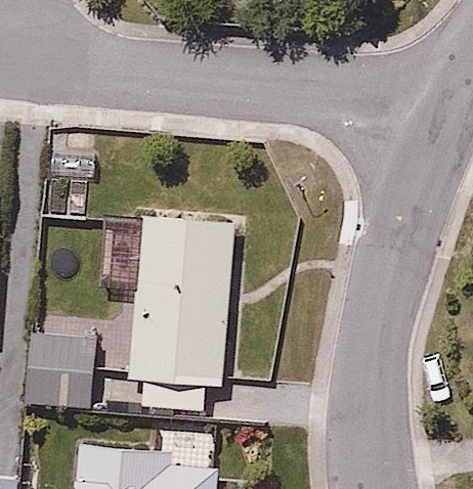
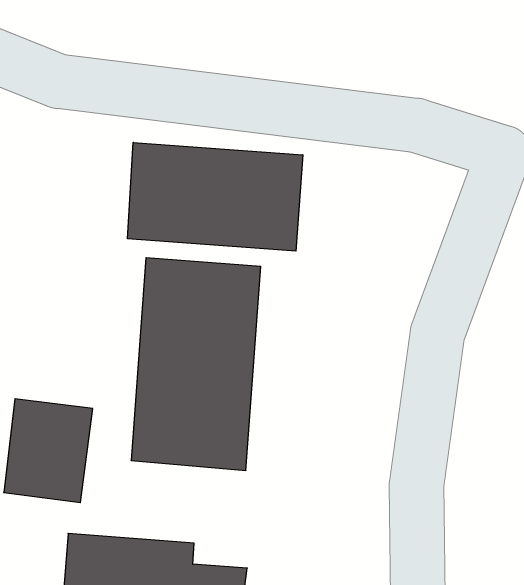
building: none -> [128,142,303,251]

